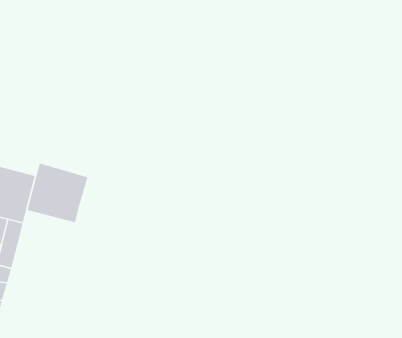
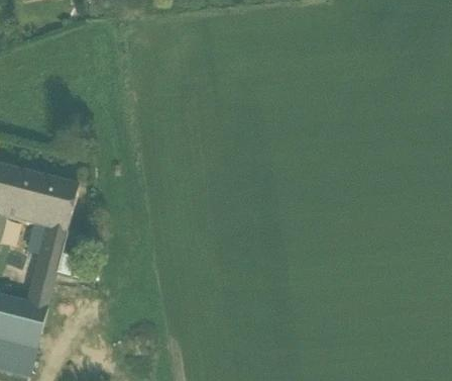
building: [27,163,88,223] -> none

